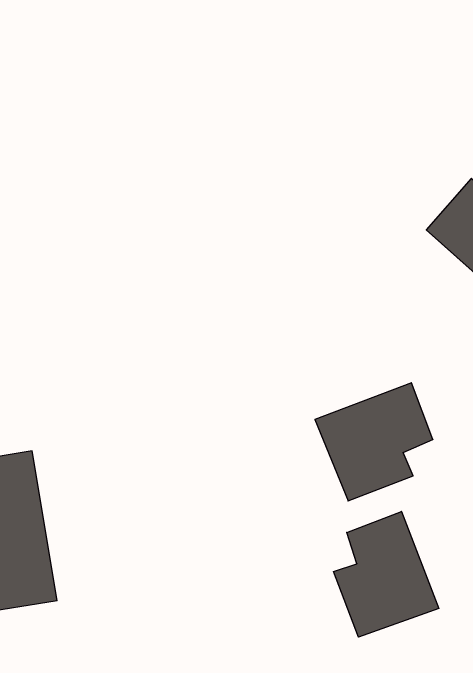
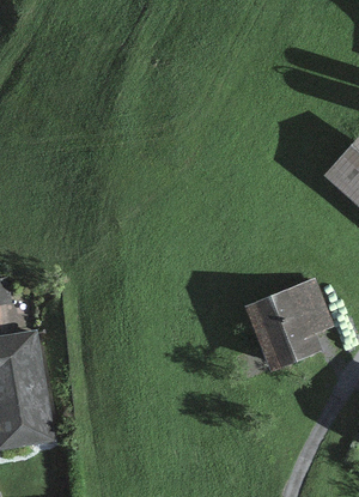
building: [334,511,439,637] -> none

